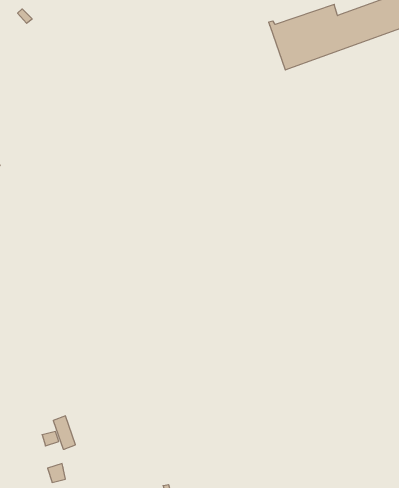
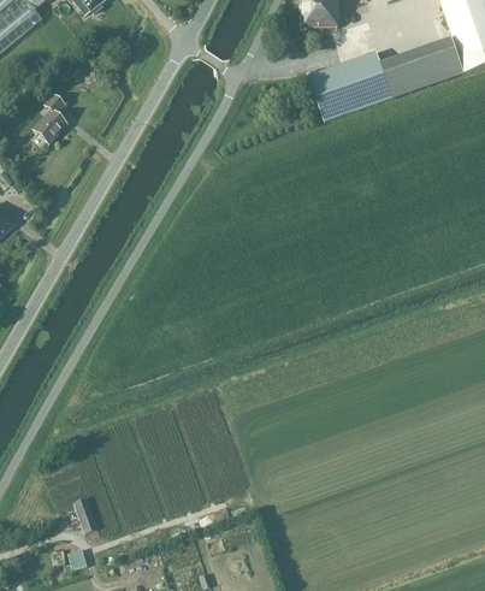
building: none -> [34,94,67,143]

